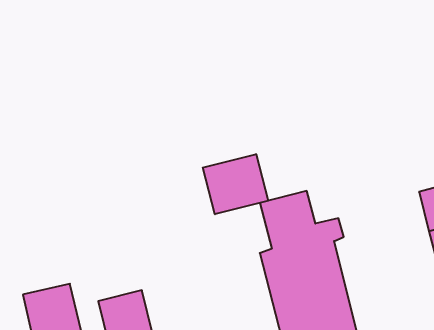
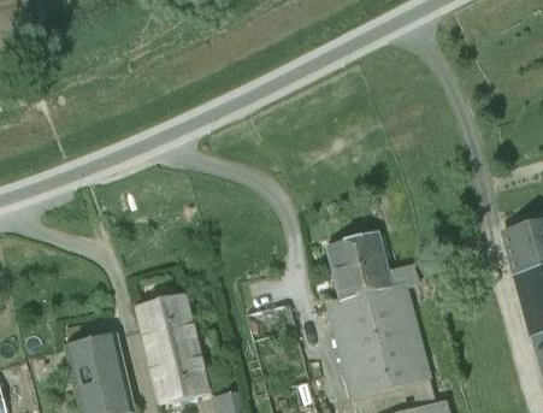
building: [203,154,268,214] -> none
building: none -> [137,294,196,354]

